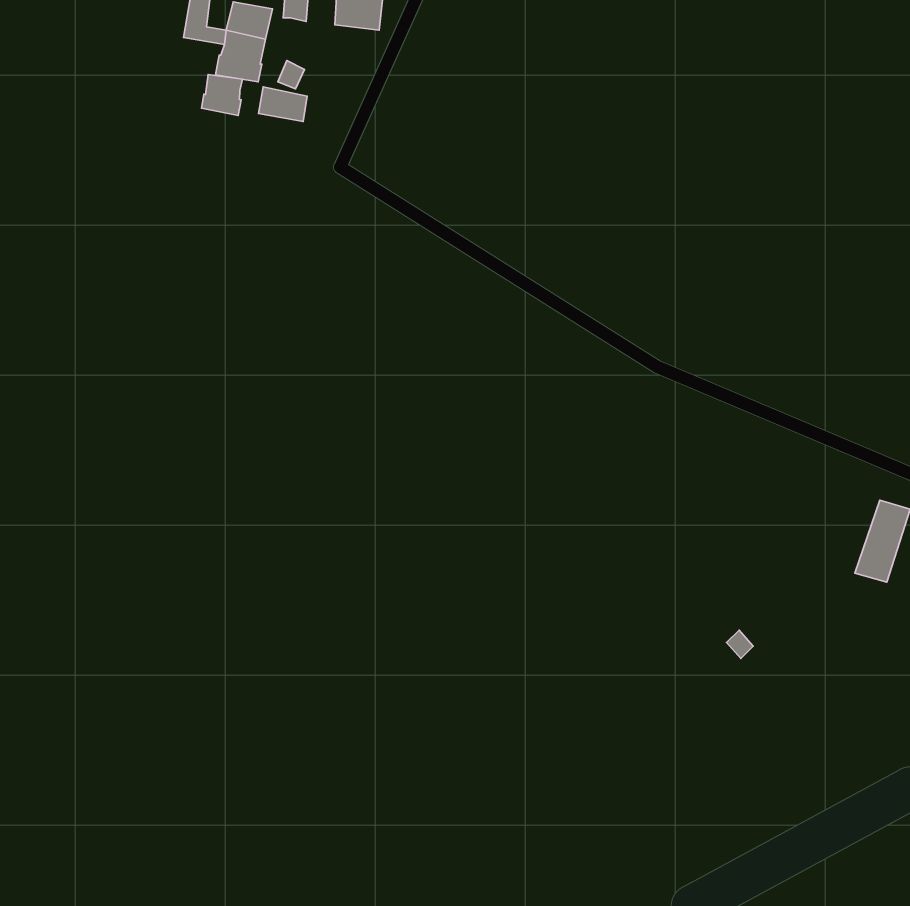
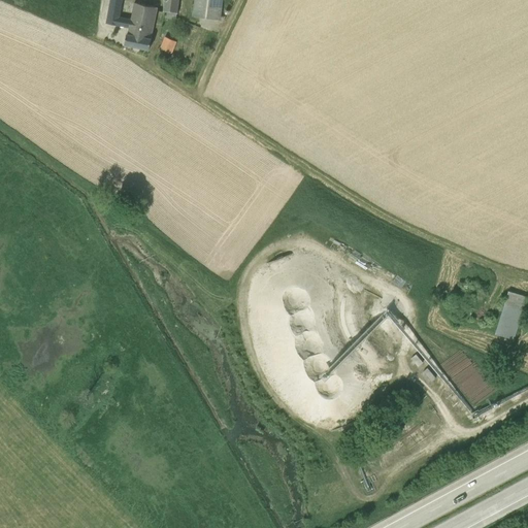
building: [202,74,243,115] -> none
building: [258,87,307,122] -> none

